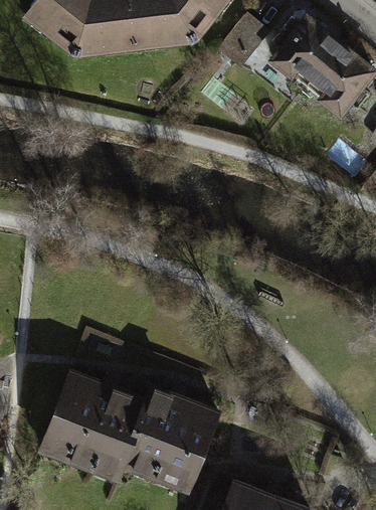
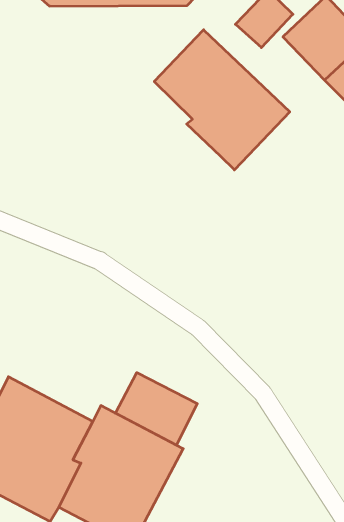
building: none -> [154,30,290,170]
building: none -> [115,373,197,445]

